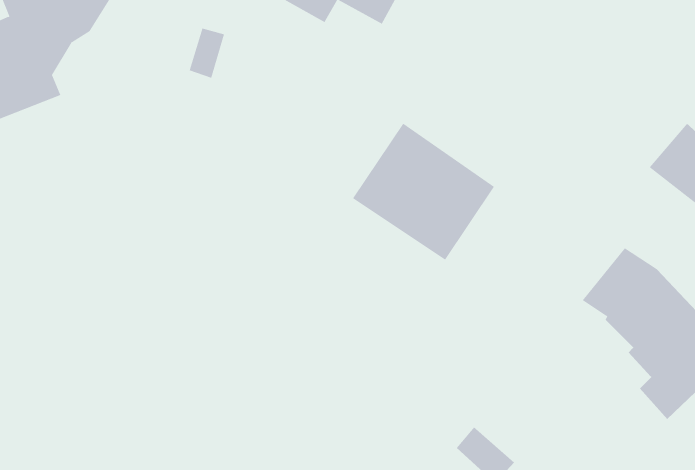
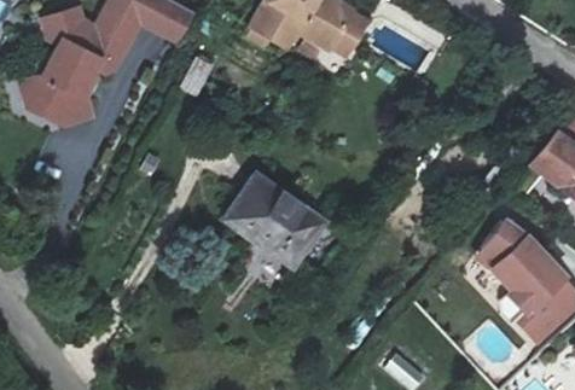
building: [352,123,495,261] -> [222,181,327,283]

